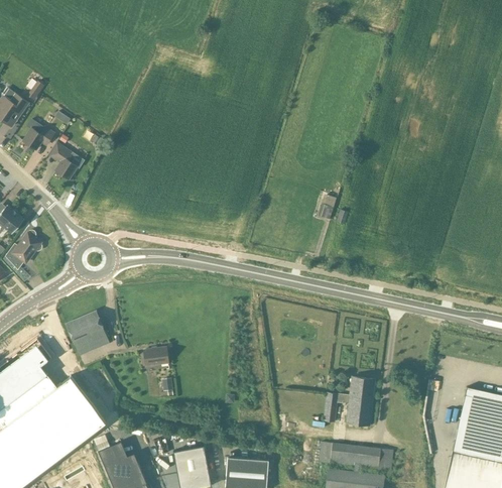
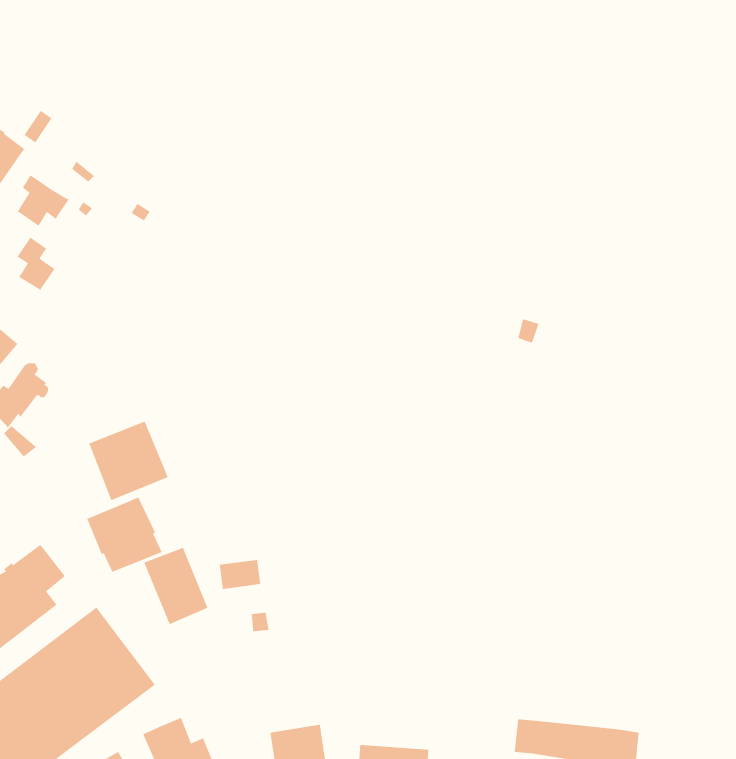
building: [54,147,78,179] -> [17,237,56,291]
building: none -> [88,420,169,501]
building: none -> [143,547,208,625]
building: [324,377,375,426] -> none

